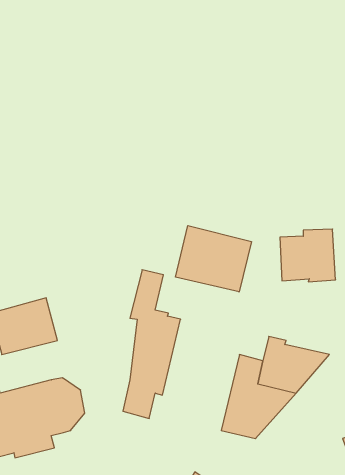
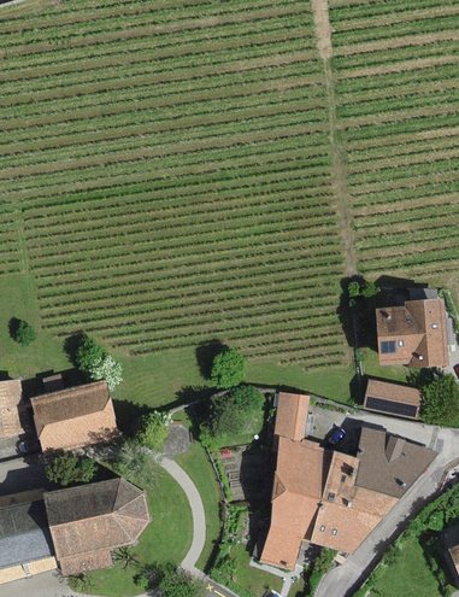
building: [176,226,251,292] -> none
building: [123,270,181,418] -> [261,391,330,568]
building: none -> [365,380,420,416]

